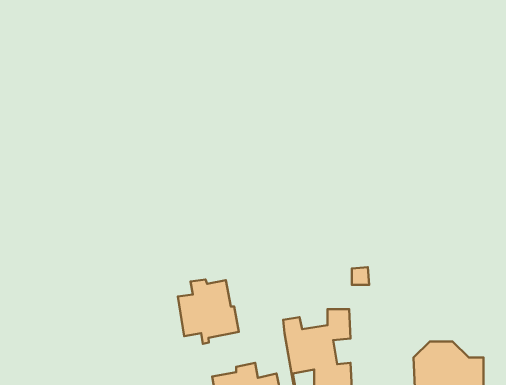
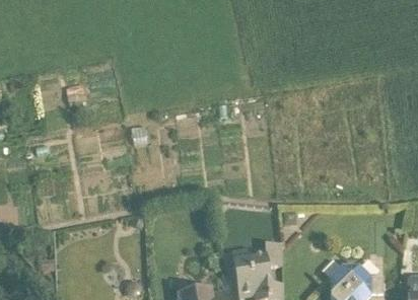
building: [178,279,239,344] -> none

